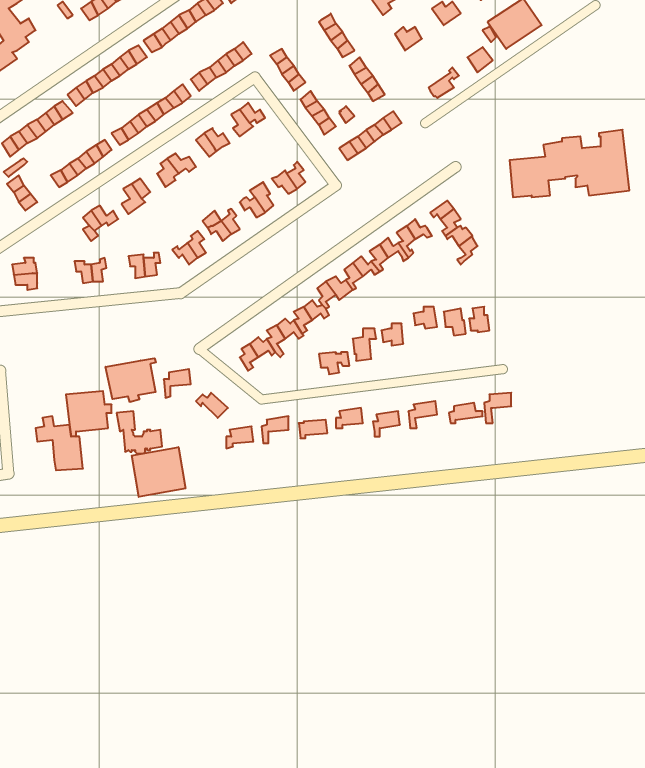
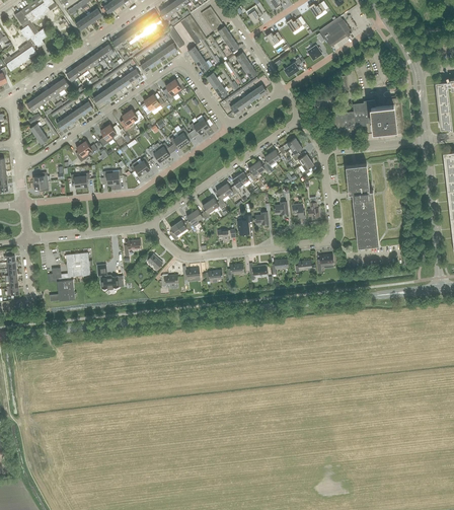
building: none -> [346,164,377,246]
building: [106,358,156,402] -> none
building: [132,447,185,497] -> none

